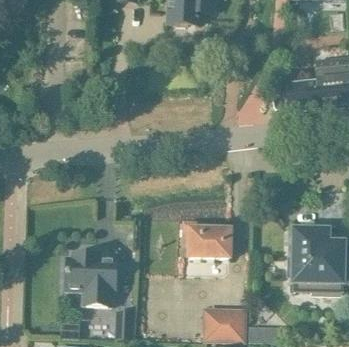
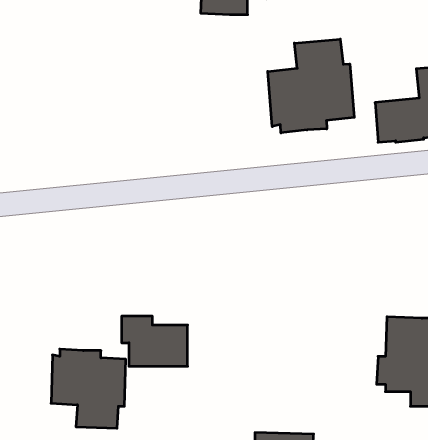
building: none -> [268,39,354,133]
building: [185,221,230,255] -> [122,316,188,366]

